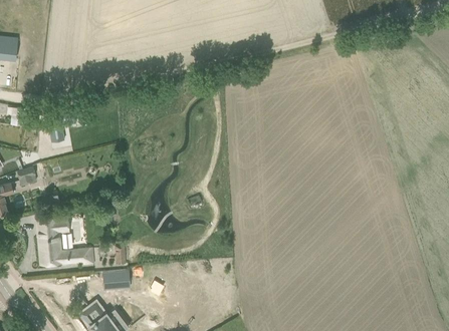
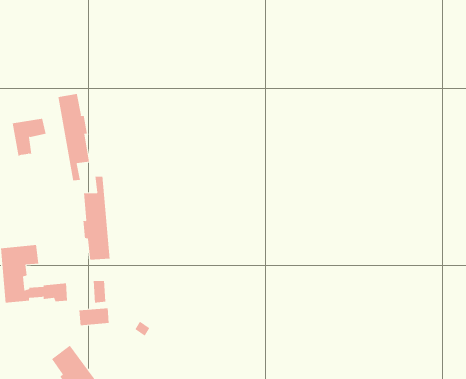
building: none -> [58,93,90,181]
building: none -> [83,176,110,261]

